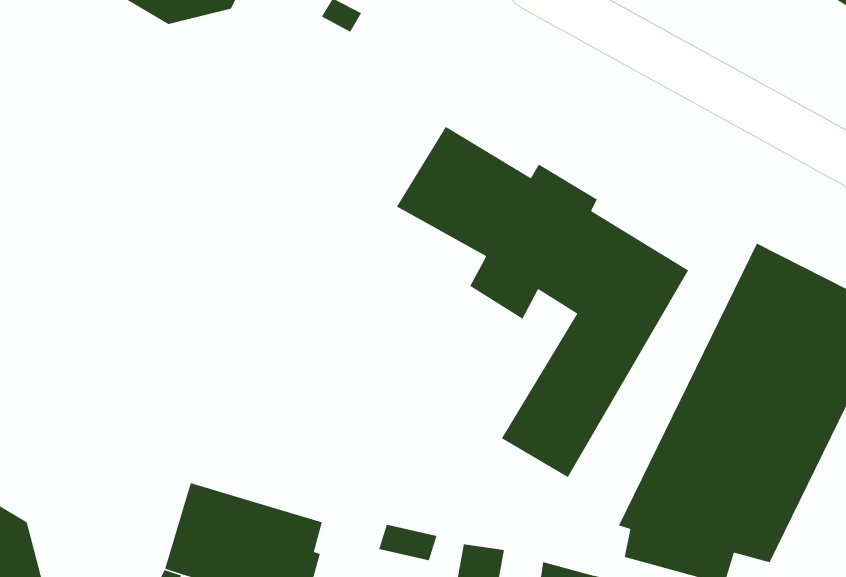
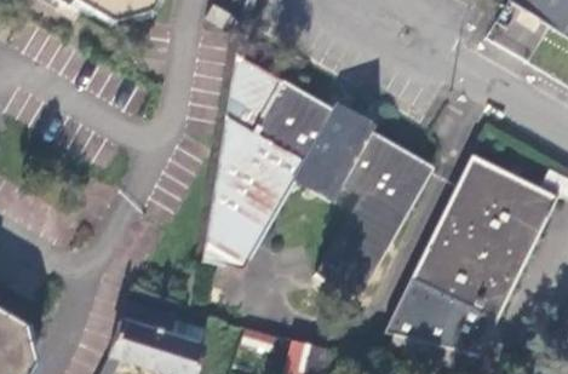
building: none -> [203,56,308,271]

